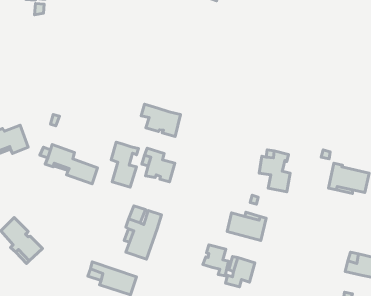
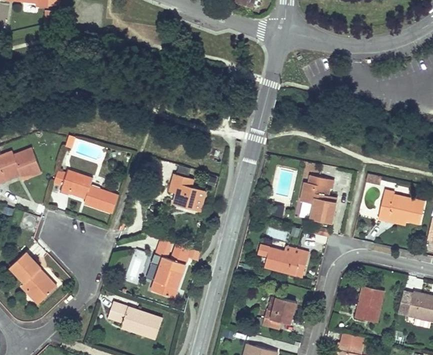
building: [141,104,181,136] -> none
building: [111,142,139,187] -> none
building: [203,245,229,276] -> none
building: none -> [355,285,384,322]

